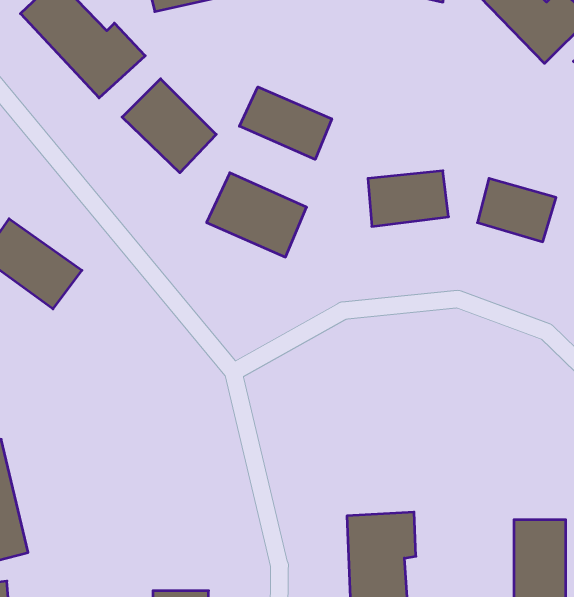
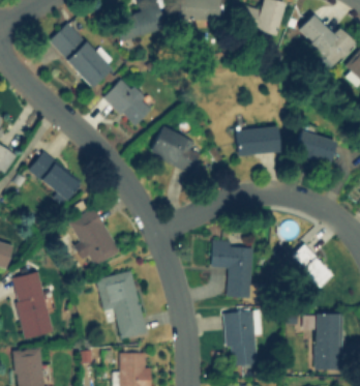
building: [239,87,332,159] -> none
building: none -> [69,208,120,266]
building: none -> [212,243,253,298]
building: none -> [286,244,334,292]
building: none -> [96,270,147,339]

